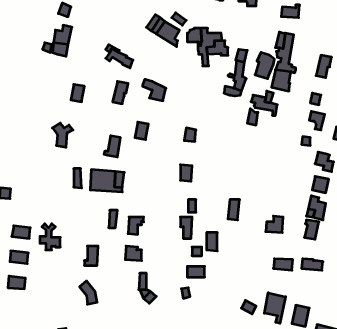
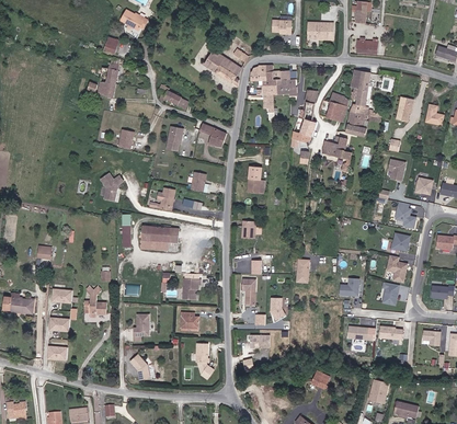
building: [264,293,286,323] -> none

